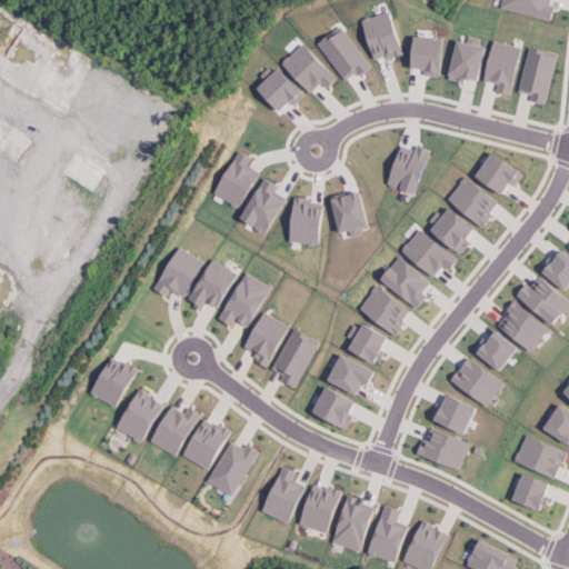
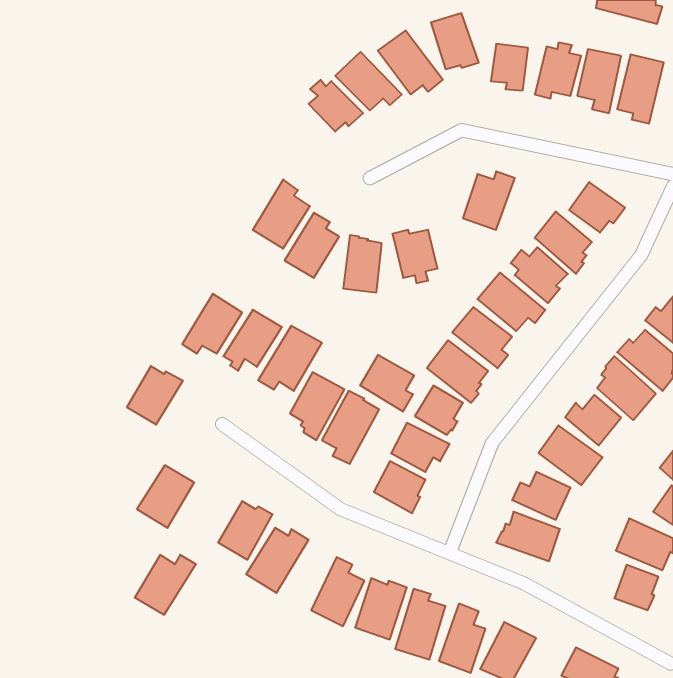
building: none -> [360,355,414,412]
building: [90,358,137,407] -> [127,366,183,425]
building: [149,407,200,457] -> [135,555,196,615]

